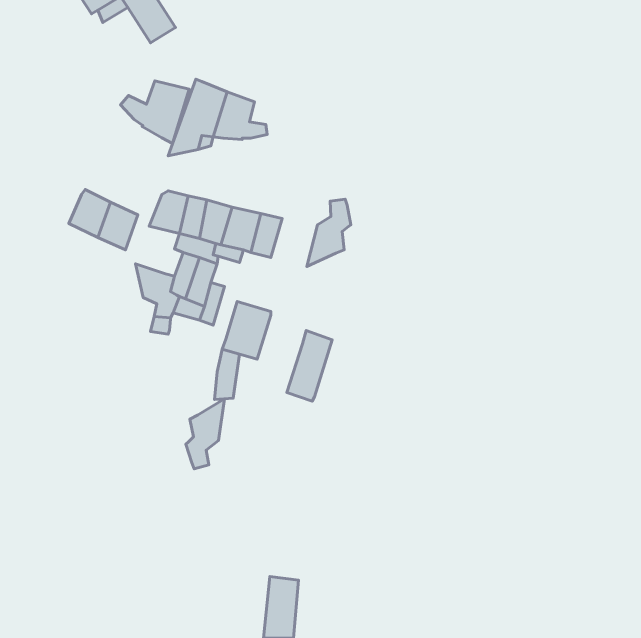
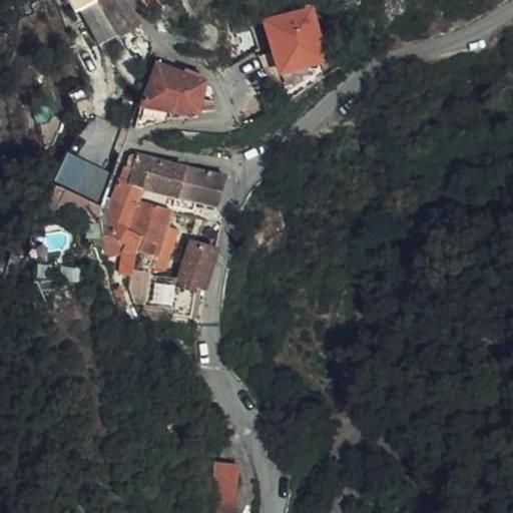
building: none -> [266,8,325,72]
building: [121,81,189,143] -> none
building: [307,199,351,267] -> none
building: none -> [108,180,143,218]
building: [287,330,332,401] -> none
building: [186,399,224,469] -> none

